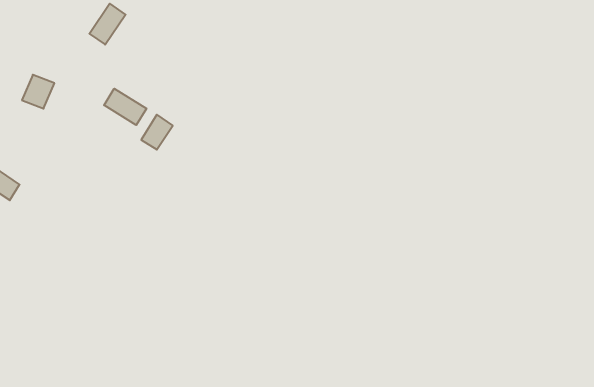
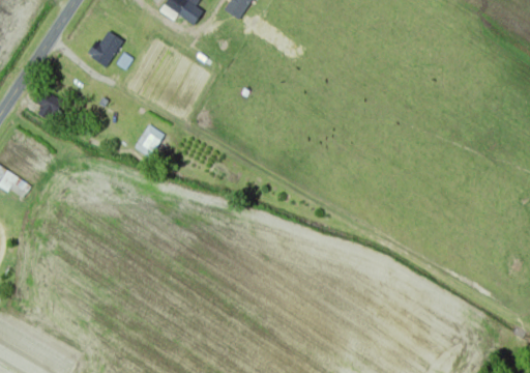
building: [104,89,146,125] -> none

